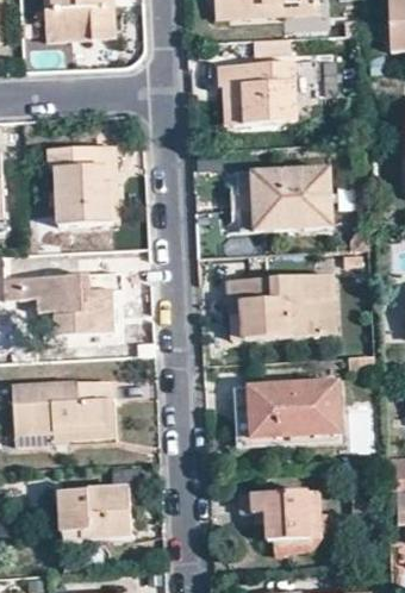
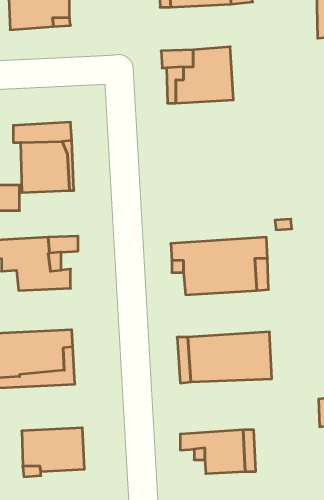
building: [250,168,332,230] -> none

